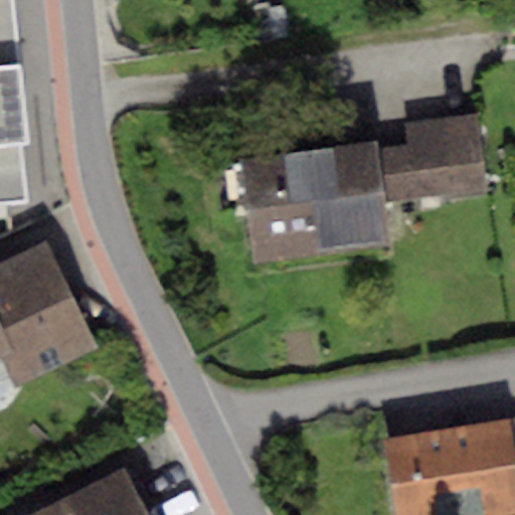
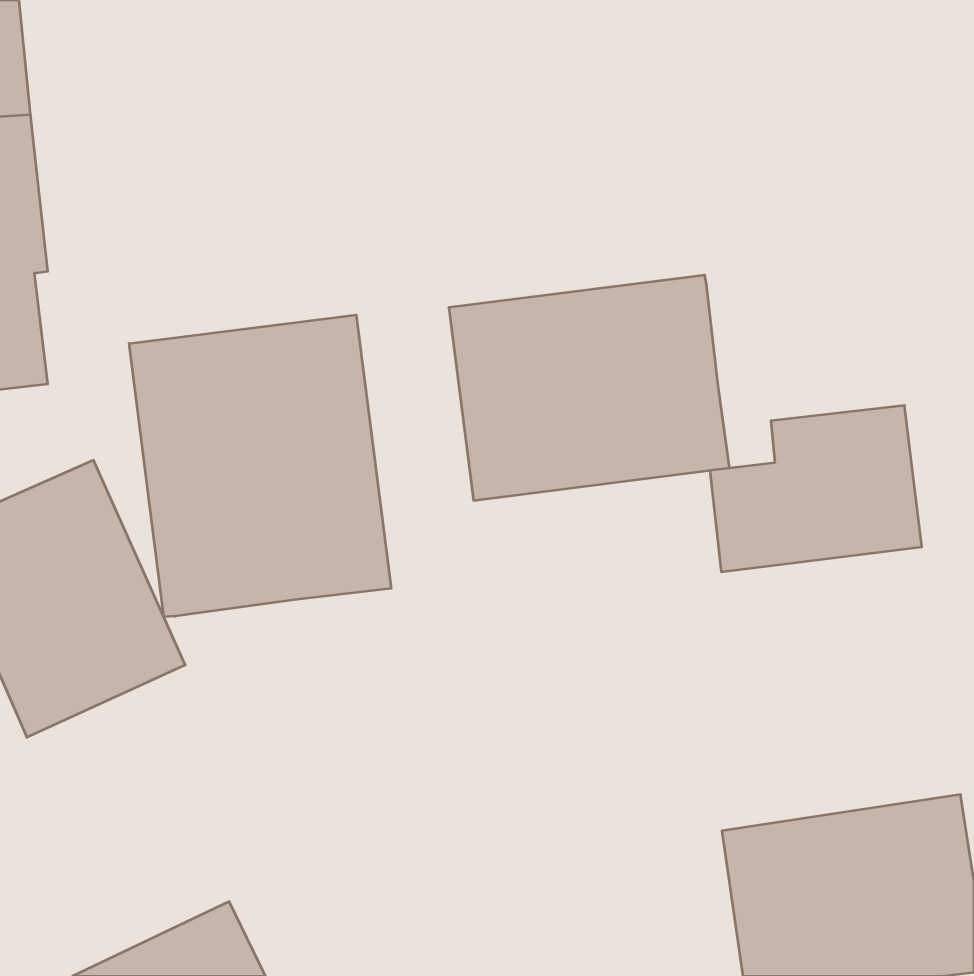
building: [372,116,484,203] -> [710,406,922,572]
building: none -> [129,315,391,617]

